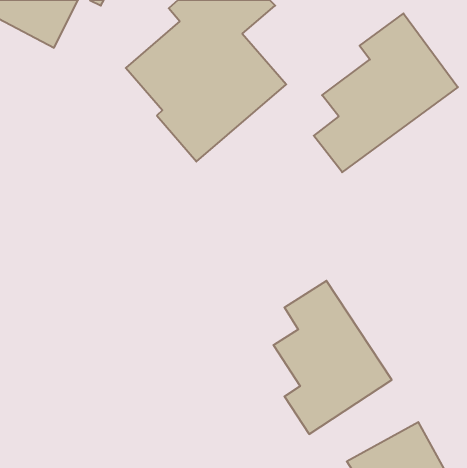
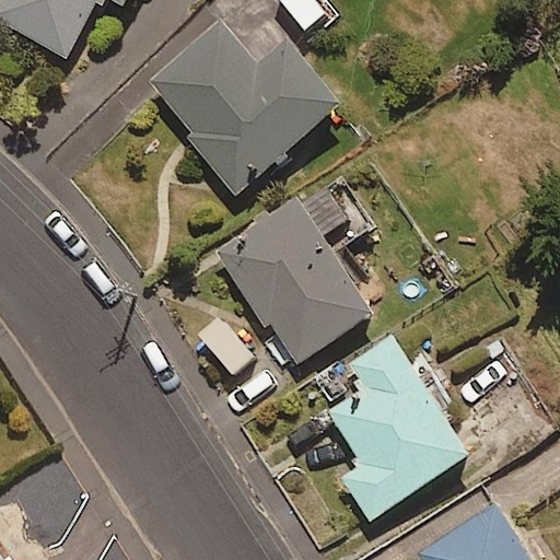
building: [314,13,458,172] -> none
building: none -> [215,170,374,365]

